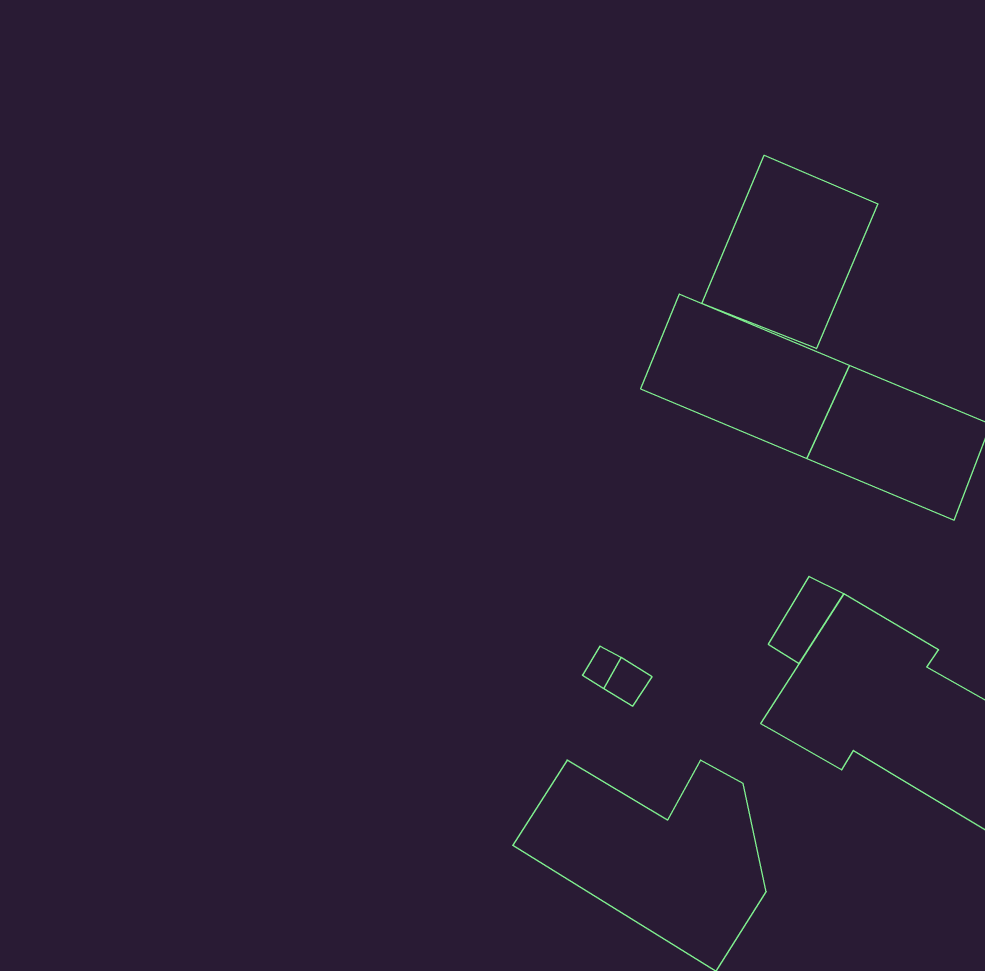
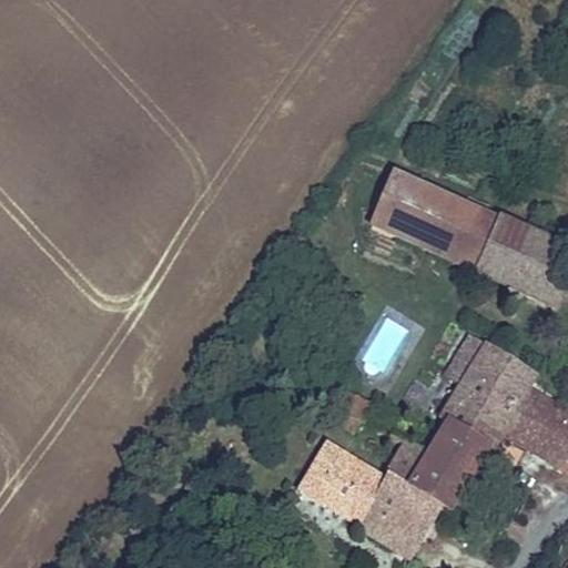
building: [702,155,878,349] -> none
building: none -> [428,419,494,516]

